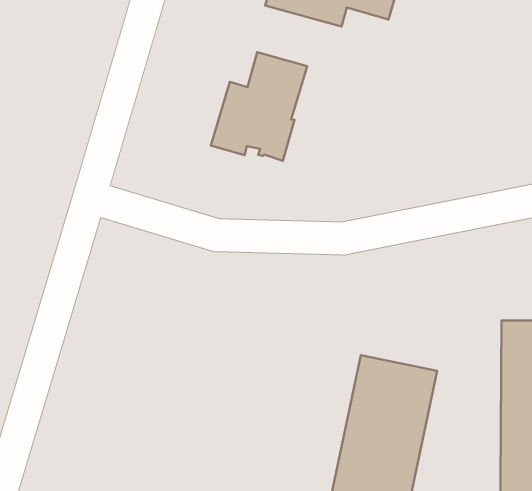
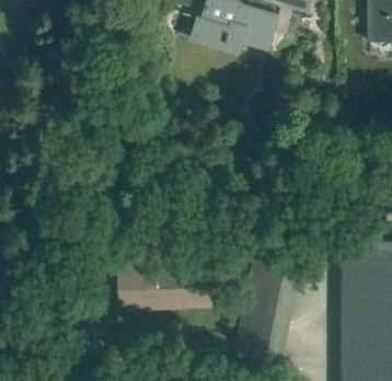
building: [211,52,307,161] -> none
building: none -> [117,262,216,311]

